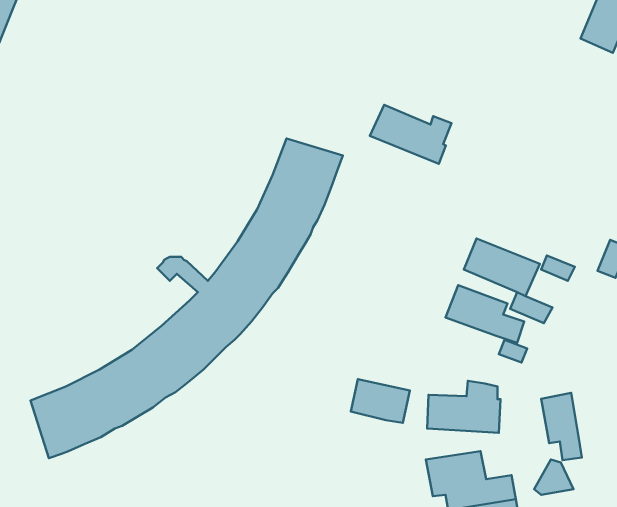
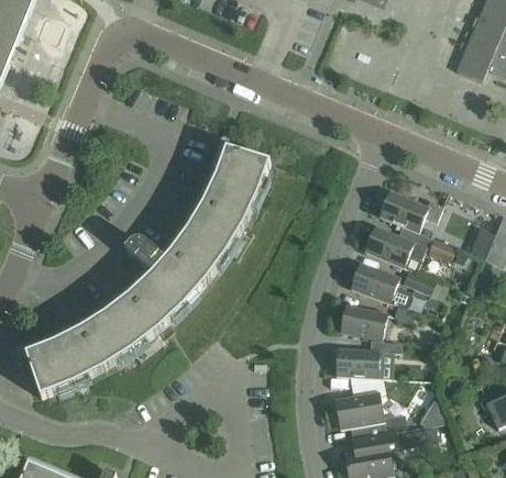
building: [370,105,452,164] -> [378,190,442,236]
building: [351,379,410,423] -> [340,304,386,338]
building: [541,393,582,460] -> none

